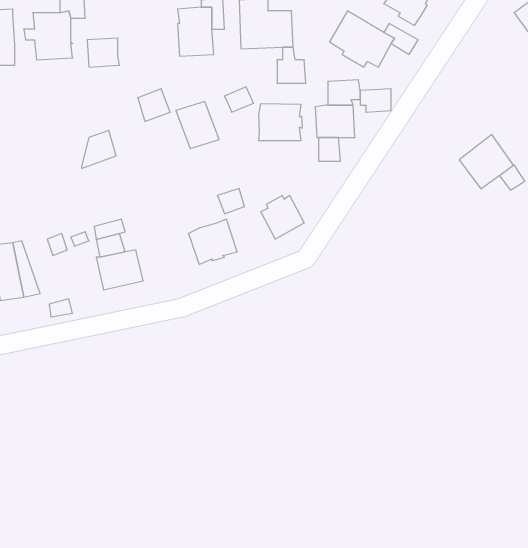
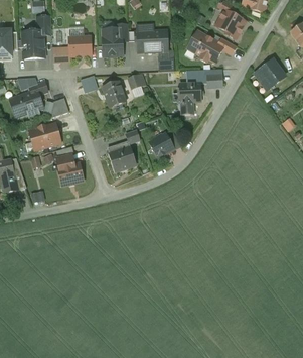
building: none -> [69,36,91,55]
building: none -> [12,82,47,116]
building: [259,104,302,141] -> none
building: [459,134,513,189] -> [255,58,285,89]
building: none -> [28,123,61,150]

